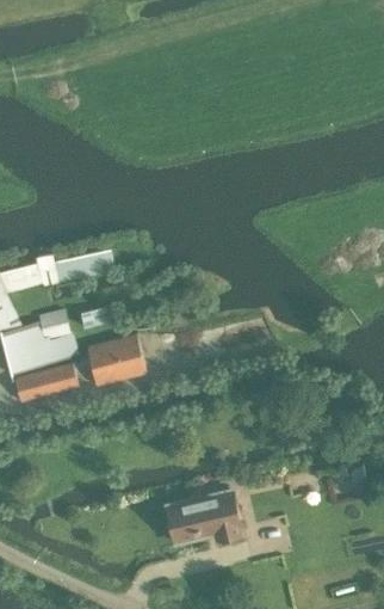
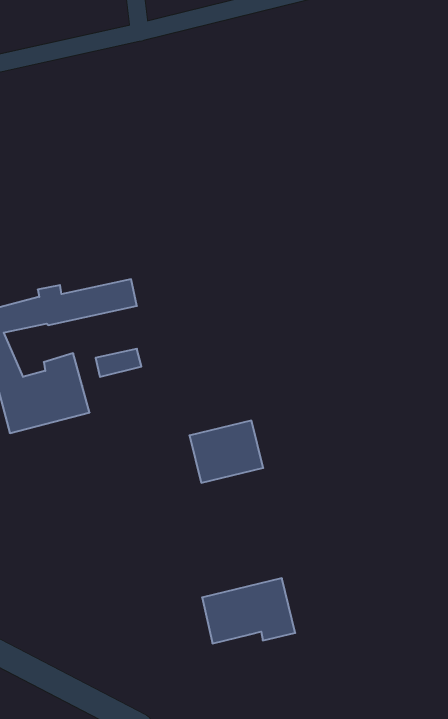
building: [87,336,147,386] -> [189,421,263,483]
building: [14,363,78,402] -> none

